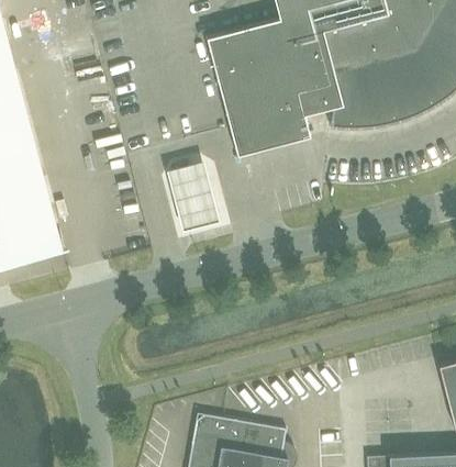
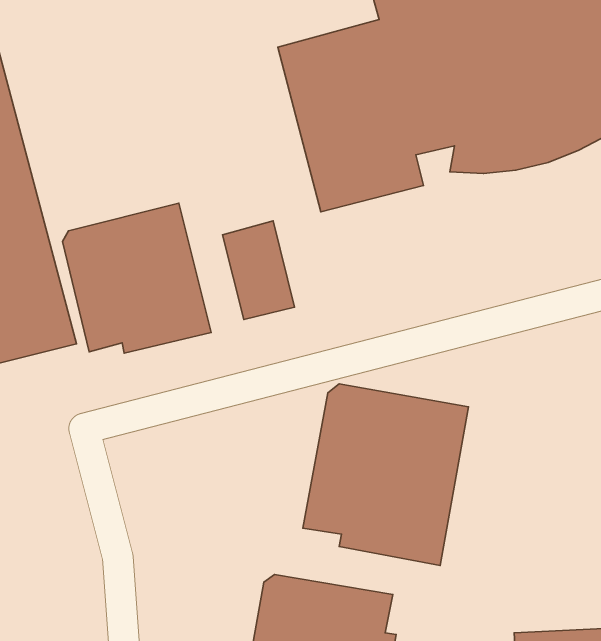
building: none -> [63,203,211,353]
building: none -> [303,384,468,566]

